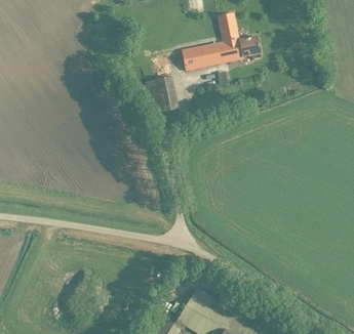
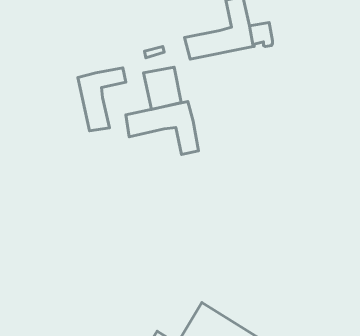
building: none -> [78,68,126,131]
building: none -> [126,101,199,154]

